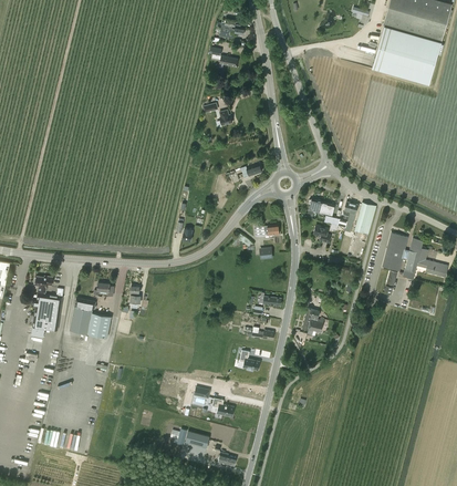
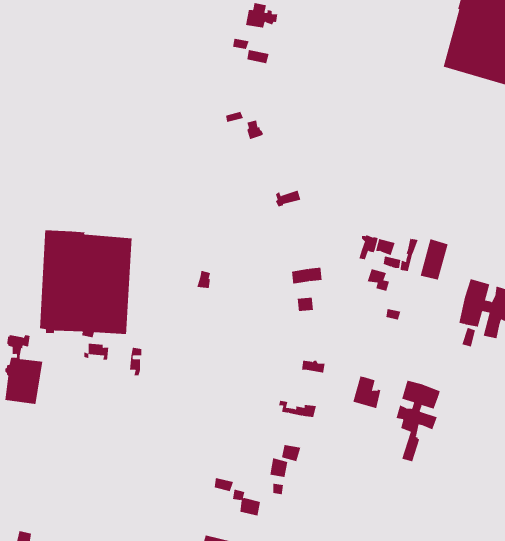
building: none -> [40,230,132,338]
building: [70,298,112,338] -> none
building: none -> [396,380,440,462]

